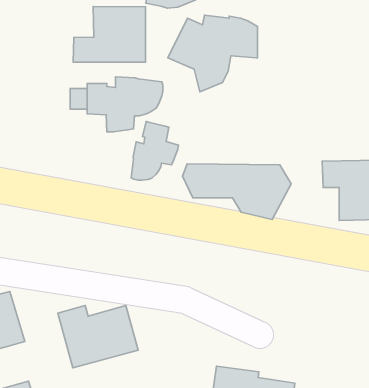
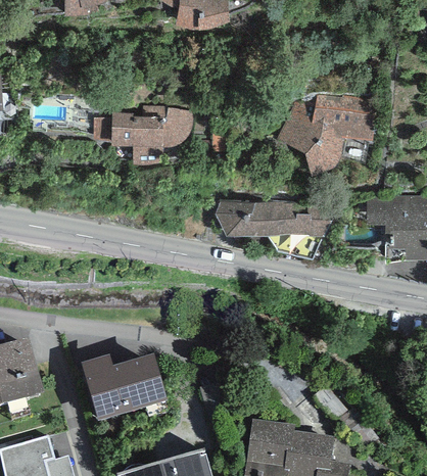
building: [73,6,146,62] -> none
building: [168,15,257,92] -> [276,94,373,177]
building: [131,122,179,180] -> none

